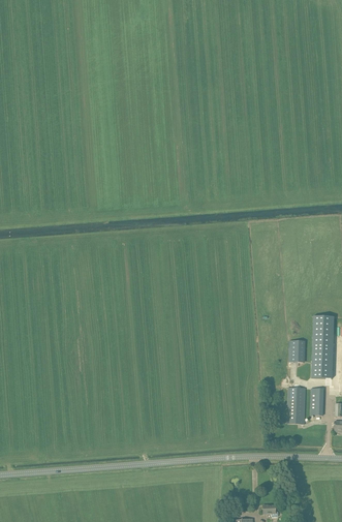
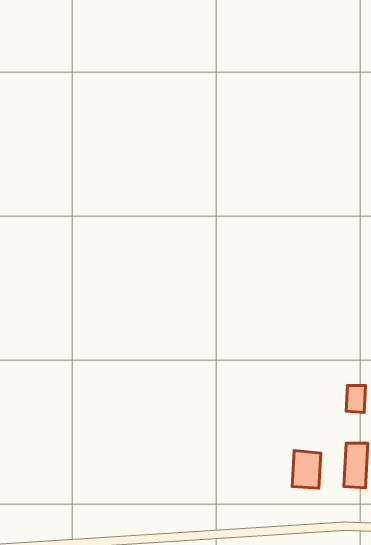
building: none -> [292,451,321,488]

